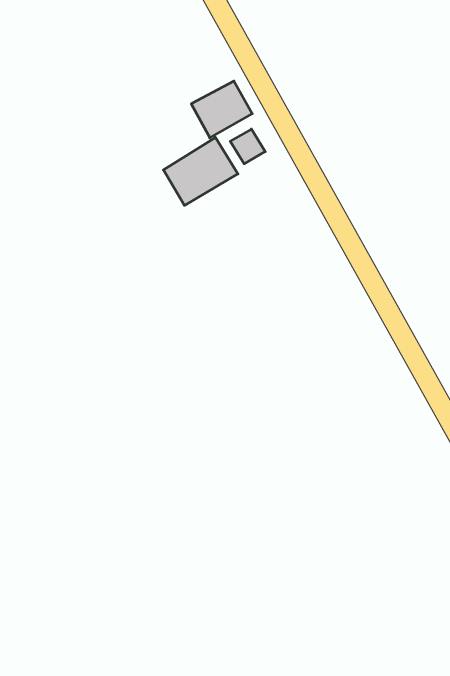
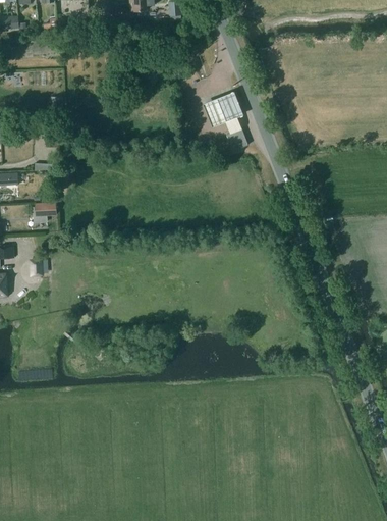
building: [163,137,238,205] -> none

